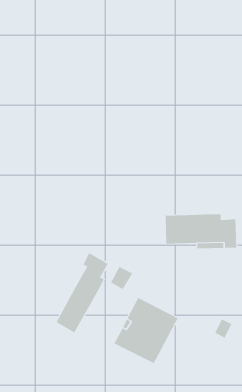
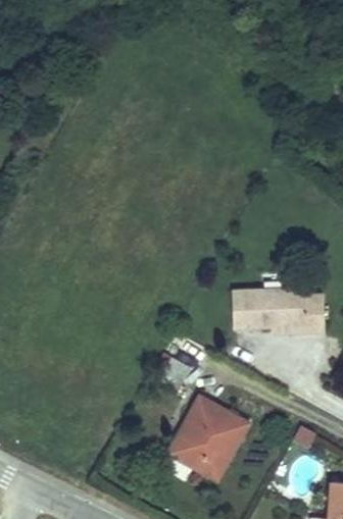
building: [56,252,109,333] -> none

